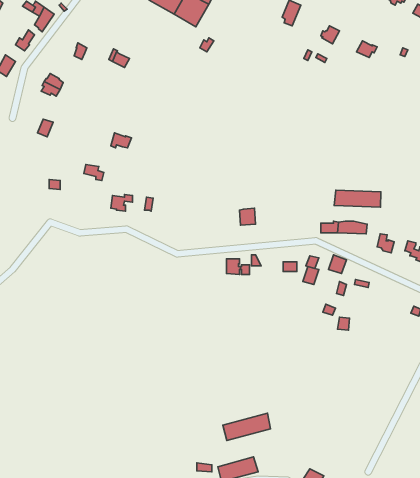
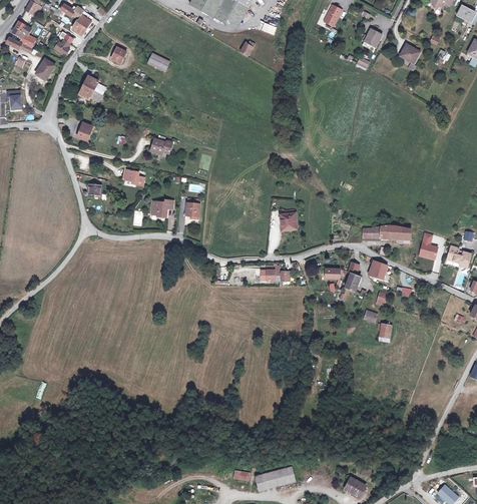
building: [334,190,381,207] -> none
building: [223,413,270,440] -> none

